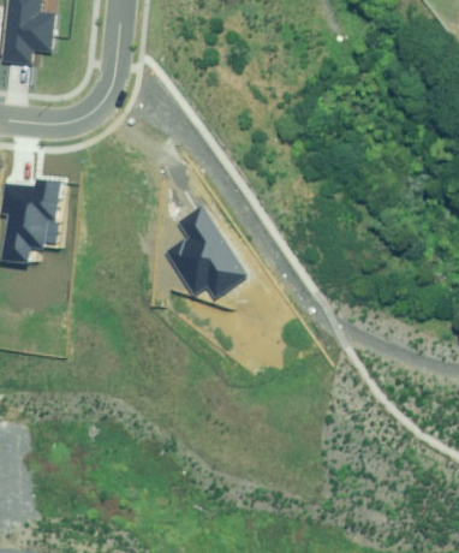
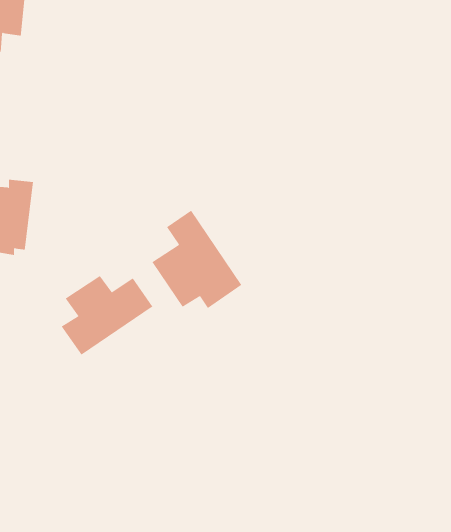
building: none -> [61,275,153,355]

